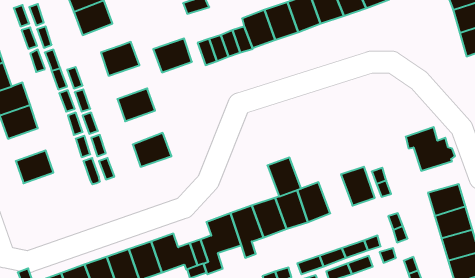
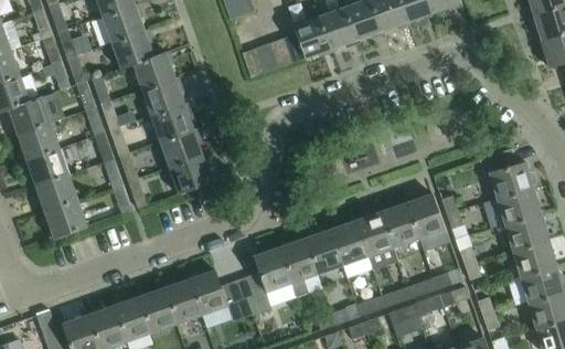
building: none -> [111,30,154,67]
building: [153,38,192,72] -> [141,77,185,116]
building: none -> [160,129,203,168]
building: none -> [26,149,70,187]
building: [267,158,301,196] -> [381,202,419,246]
building: none -> [498,187,541,223]
building: none -> [44,200,88,239]

